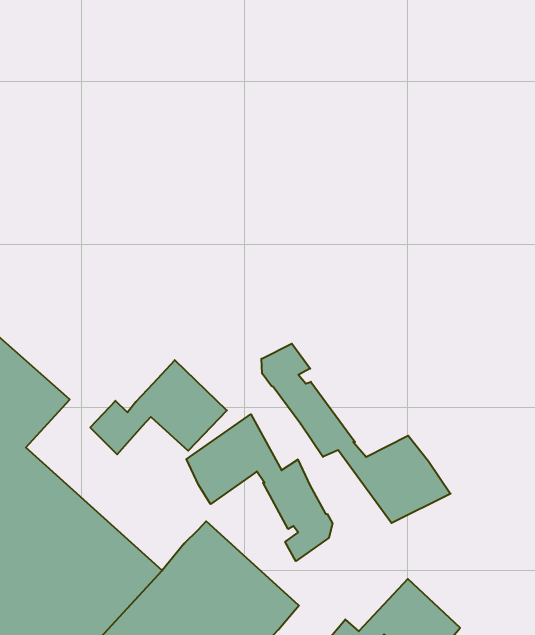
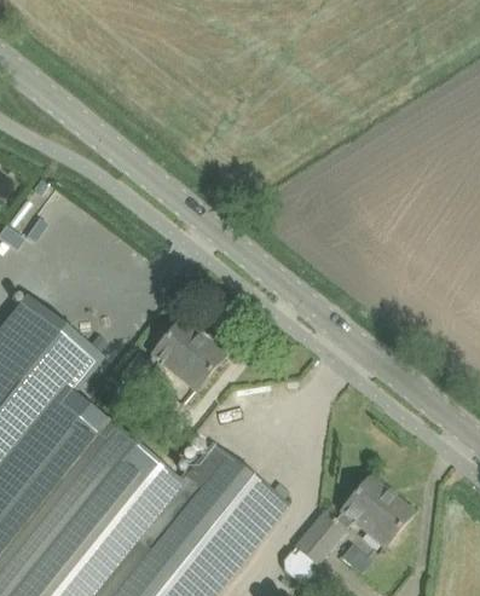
building: [261,344,451,523] -> none
building: [186,414,332,561] -> none

